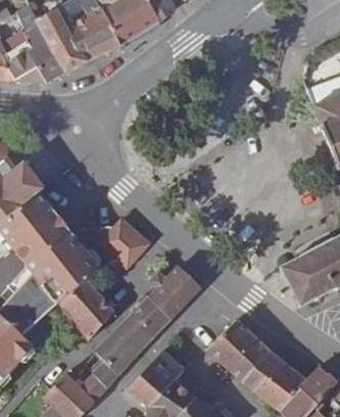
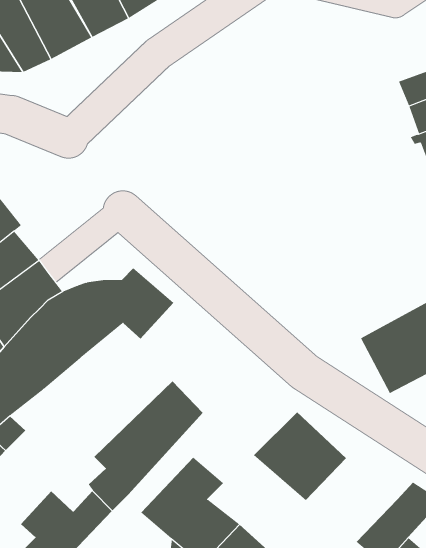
building: [149,266,200,319] -> none
building: [59,281,114,339] -> none
building: [242,351,305,409] -> none

